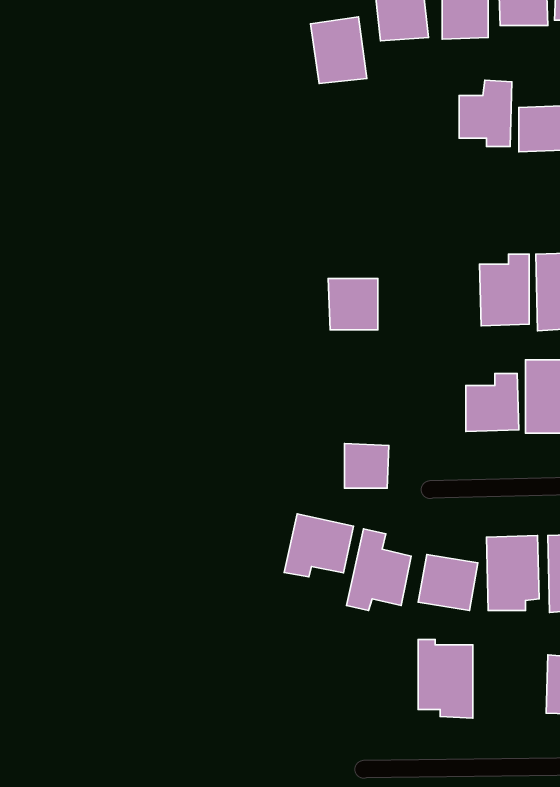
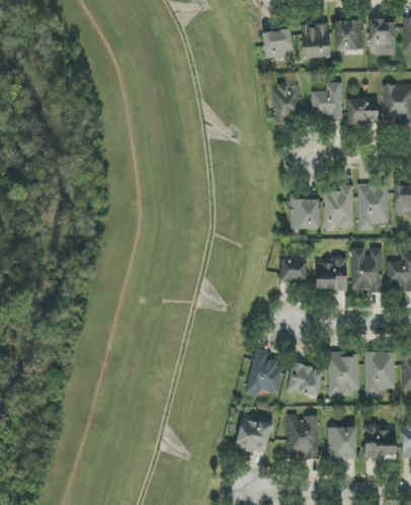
building: [311,17,367,84] -> [270,82,304,121]
building: [328,279,378,330] -> [290,198,319,229]
building: [344,444,389,488] -> [280,255,307,281]
building: [284,514,353,577] -> none
building: none -> [234,416,274,455]
building: none -> [327,426,356,458]

